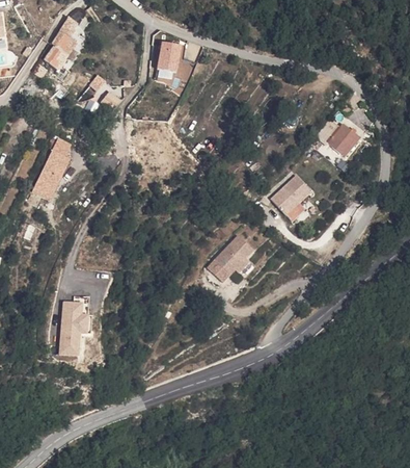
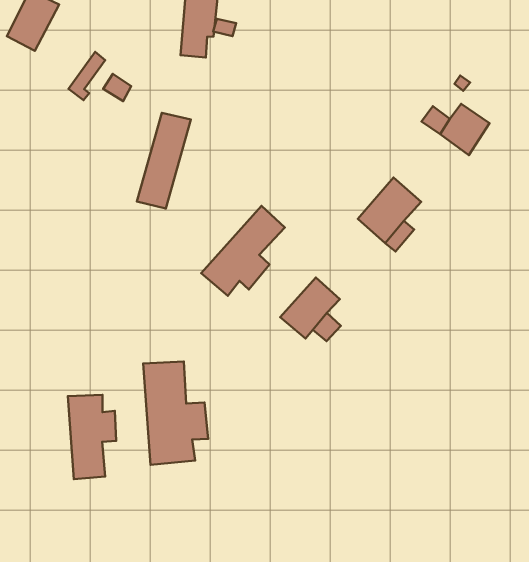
building: [34,136,75,200] -> [137,113,191,208]
building: none -> [201,206,285,296]
building: none -> [143,361,208,465]

